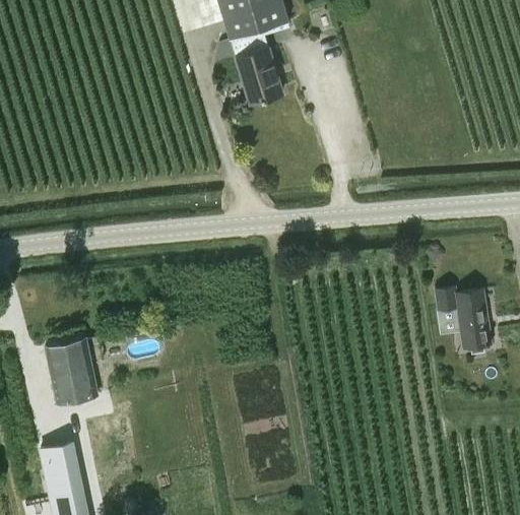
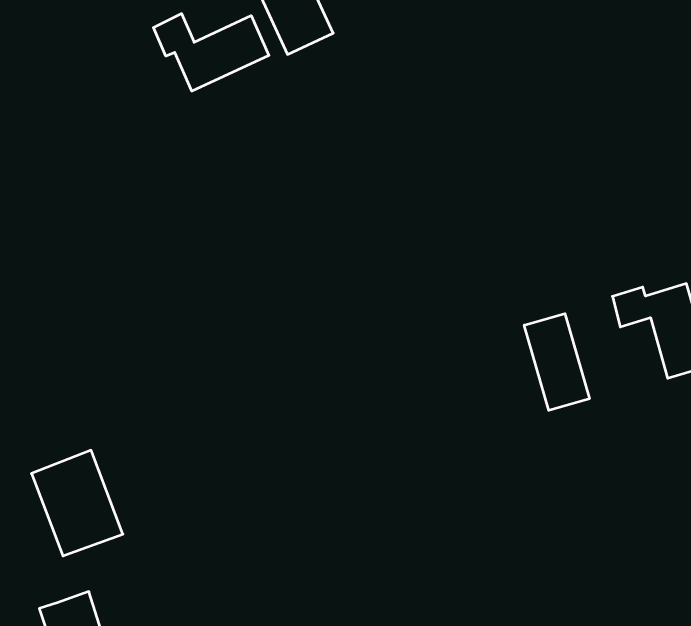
building: none -> [153,14,269,91]
building: none -> [524,314,589,410]

